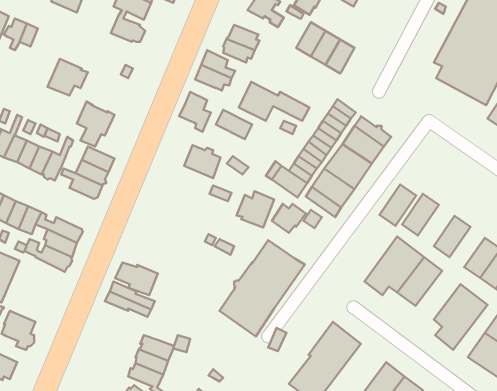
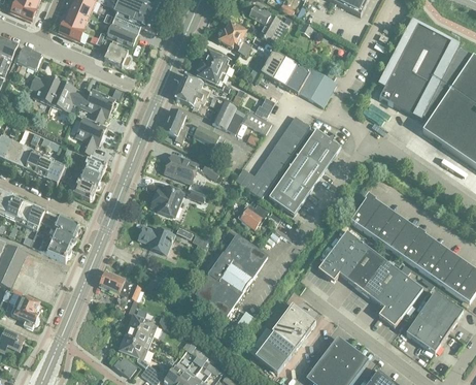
building: none -> [299,68,337,106]
building: none -> [30,72,61,104]
building: none -> [78,90,115,126]
building: [380,184,416,226] -> [364,204,395,239]
building: [236,191,274,228] -> [150,185,182,216]
building: none -> [390,223,420,257]
building: [115,262,158,295] -> [138,225,174,253]
building: none -> [362,260,400,301]

